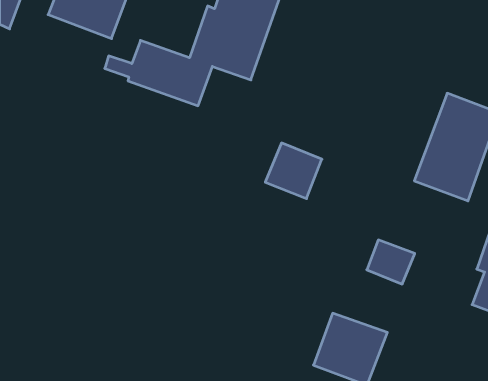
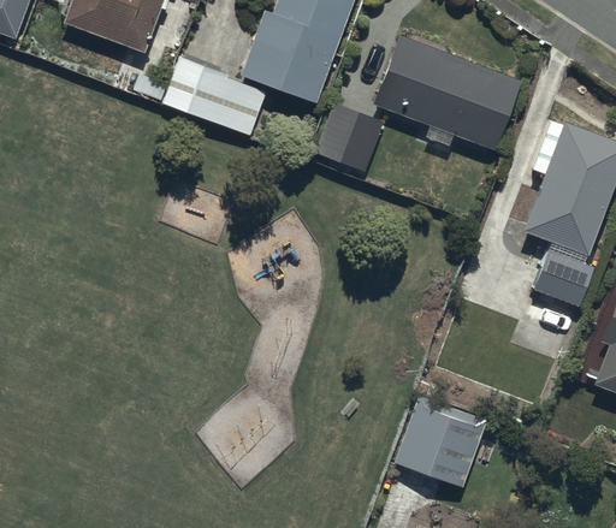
building: none -> [373,36,522,152]
building: [265,143,322,199] -> [314,102,385,172]
building: [367,240,415,284] -> [534,251,594,307]

